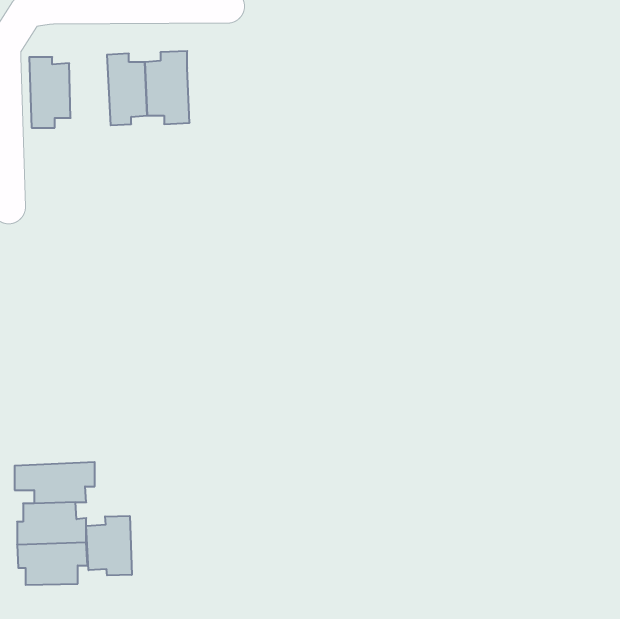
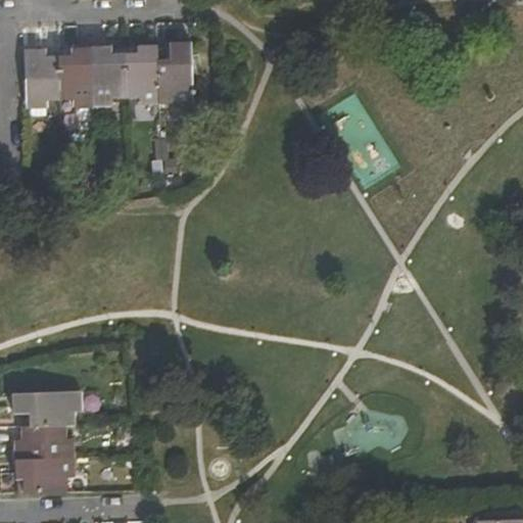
building: none -> [157,42,192,108]
building: none -> [58,46,93,106]
building: [86,516,132,575] -> none

